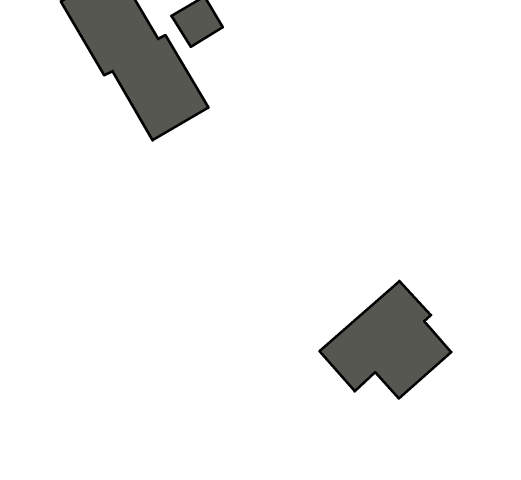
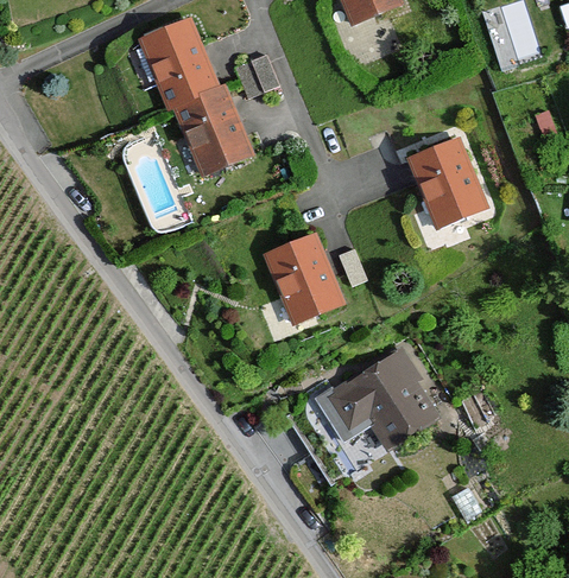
building: none -> [406,136,488,228]
building: none -> [260,234,343,325]

